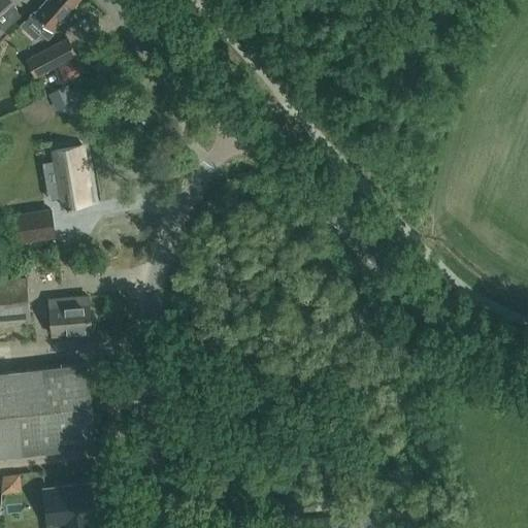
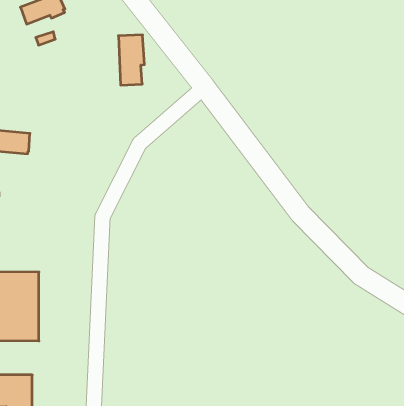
building: [52,150,86,210] -> [118,35,144,85]
building: [47,298,89,338] -> none

